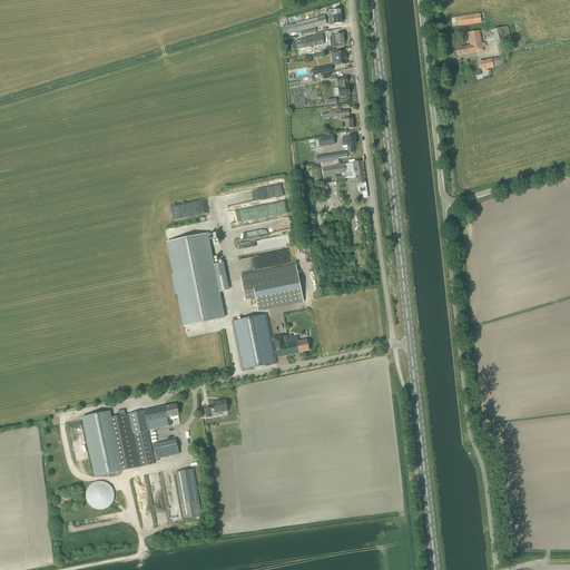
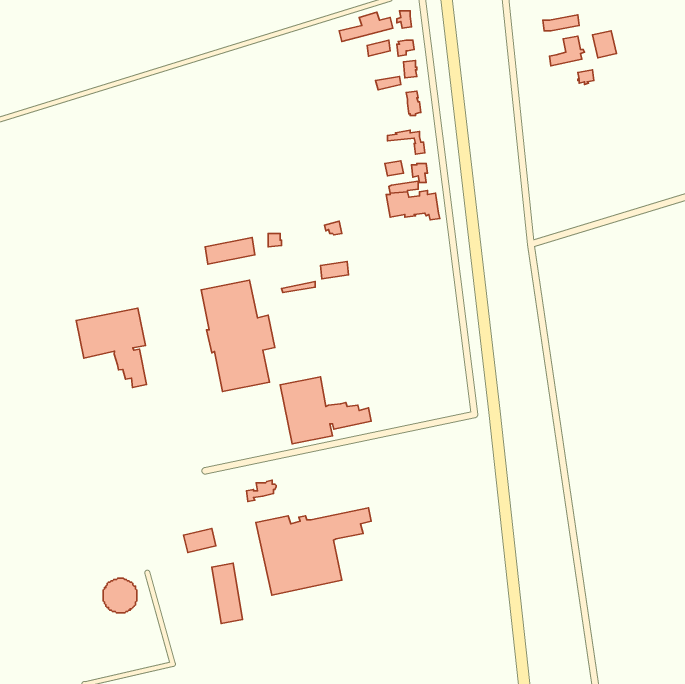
building: none -> [76,308,146,387]
building: [240,264,303,309] -> none
building: [82,403,178,475] -> [256,508,371,595]

